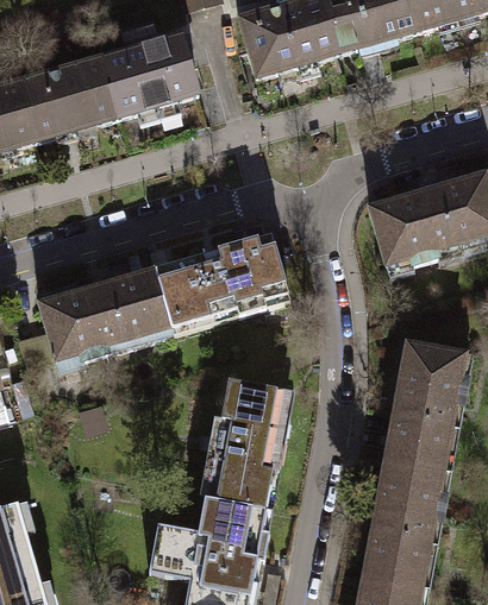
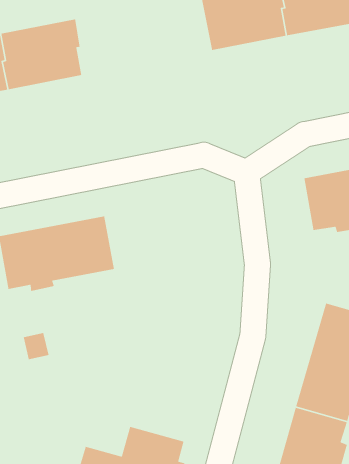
building: [104,33,199,116] -> none
building: [155,233,288,326] -> none
building: [206,378,289,506] -> none

